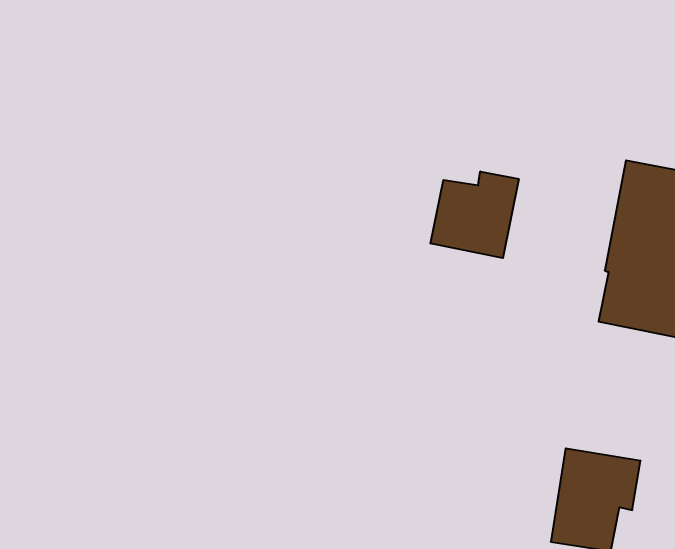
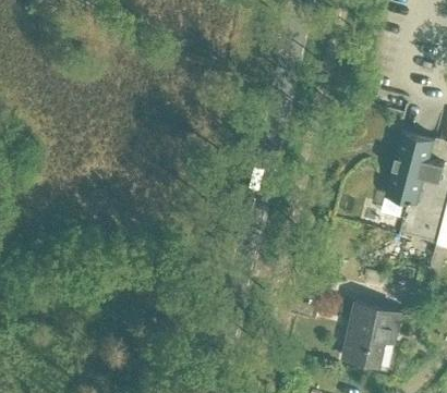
building: [431,171,519,258] -> none

